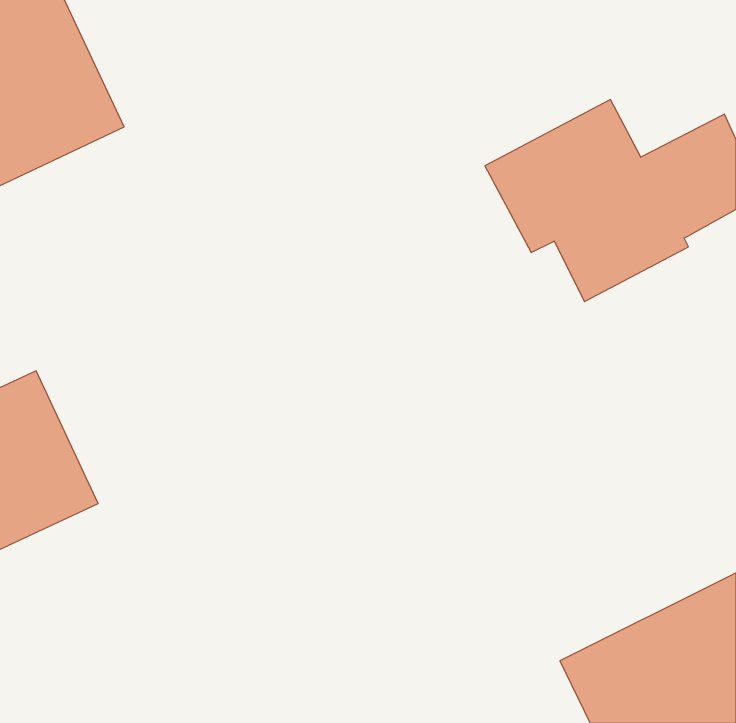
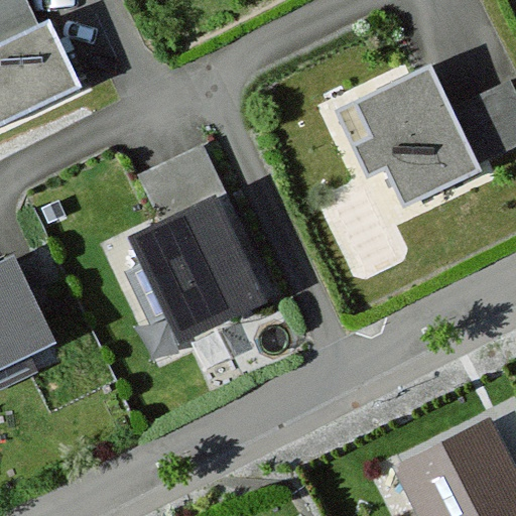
building: none -> [121,146,269,348]

